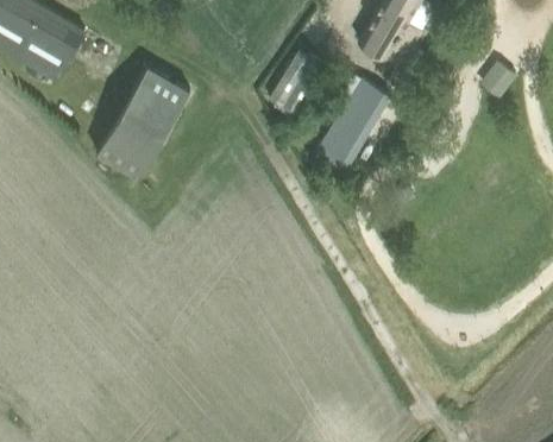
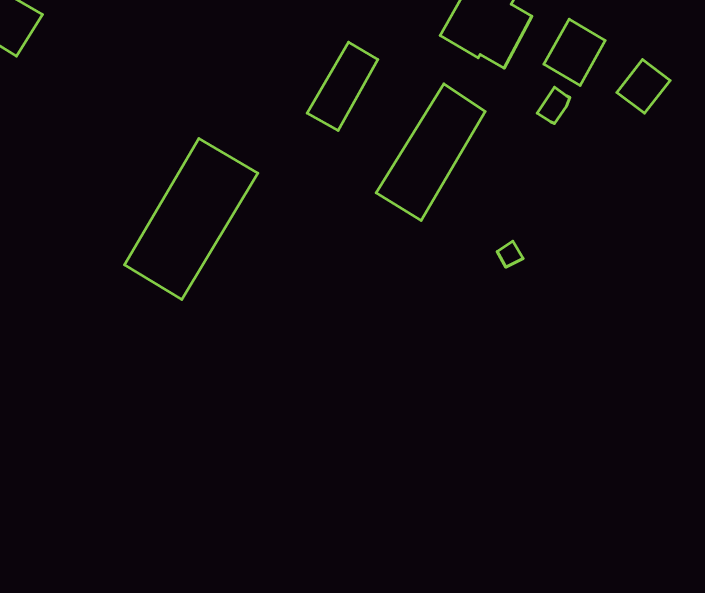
building: none -> [544,19,605,86]
building: [98,67,189,177] -> [125,139,258,300]

